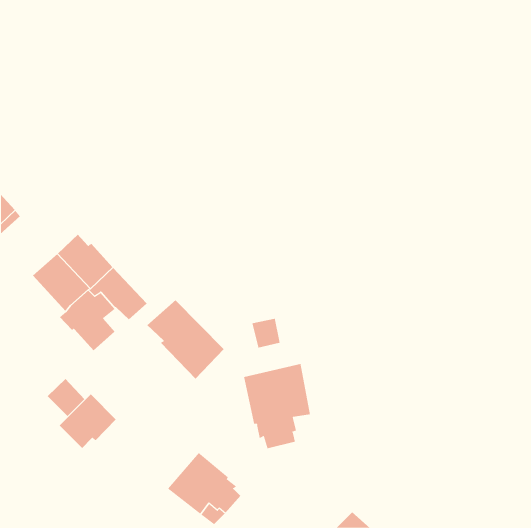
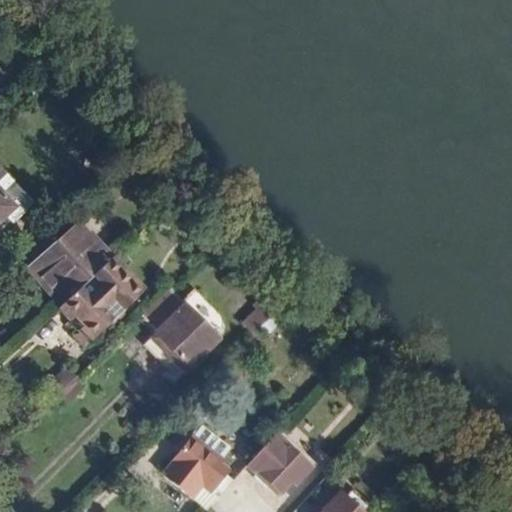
building: [243,363,310,449] -> none
building: [59,393,116,449] -> none
building: none -> [258,442,311,495]

